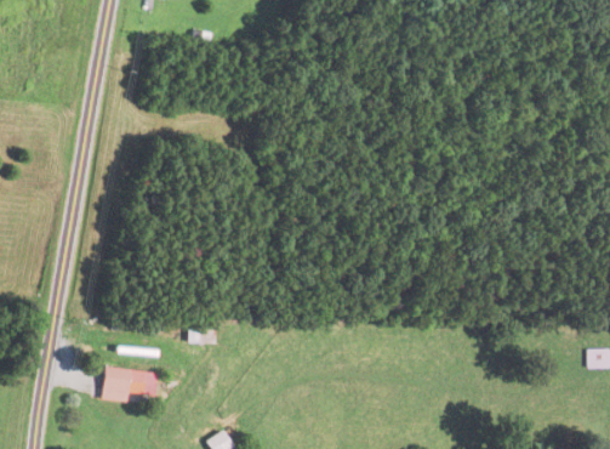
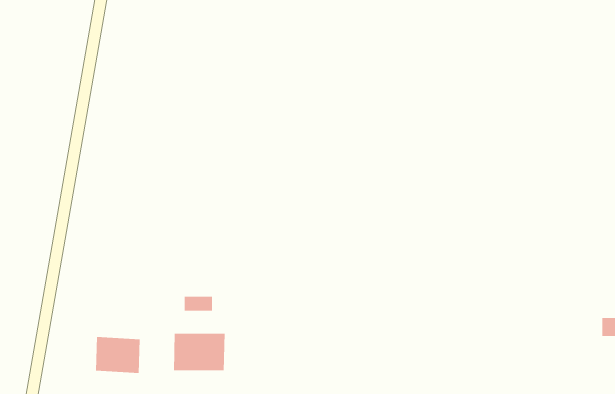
building: none -> [173,333,225,371]

